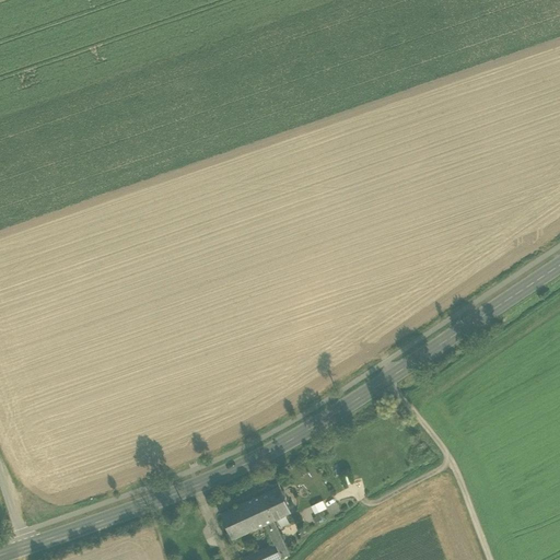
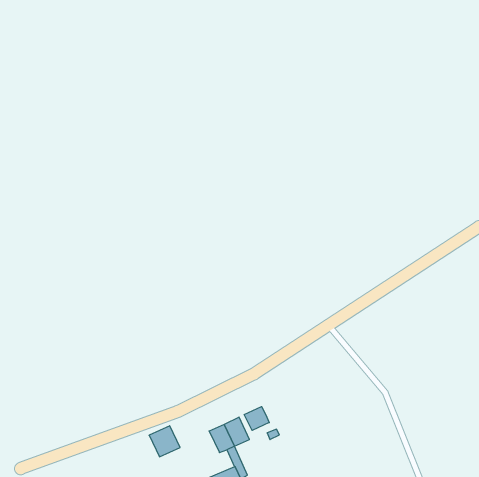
building: none -> [244,407,269,430]
building: [220,505,256,541] -> [149,426,180,457]

